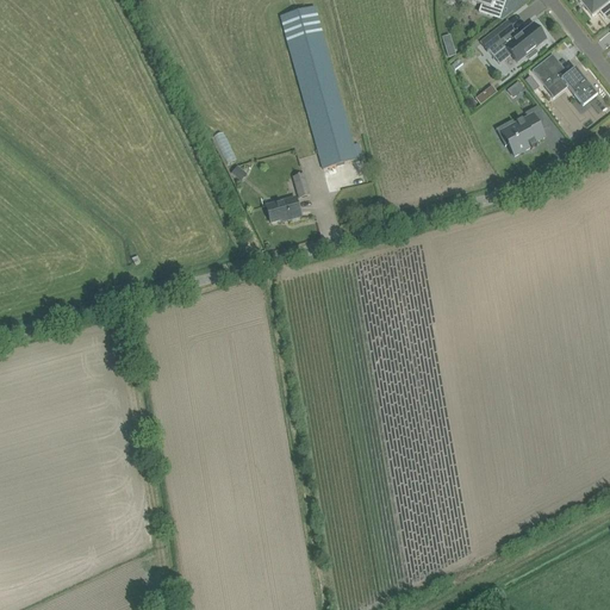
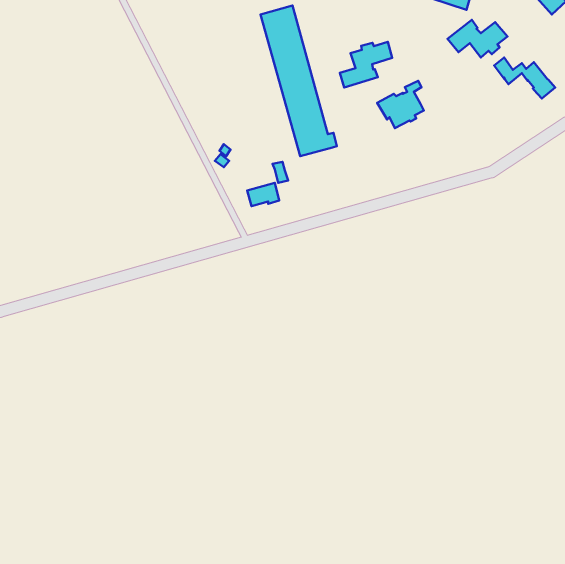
building: none -> [340,42,392,88]
building: [496,105,546,156] -> [377,81,424,128]

